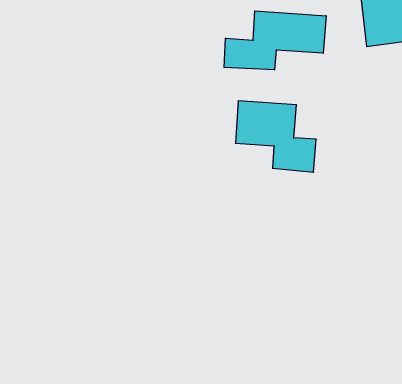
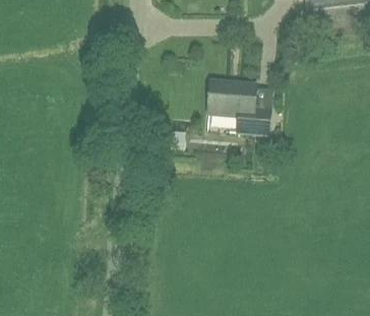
building: [224,11,326,70] -> none

